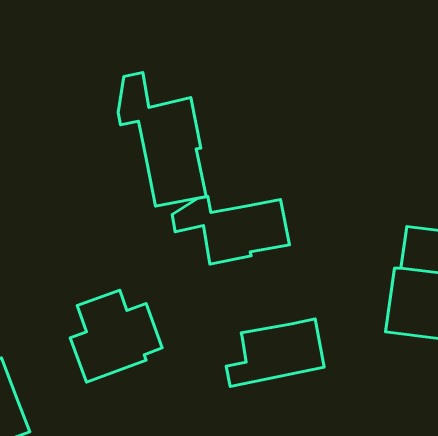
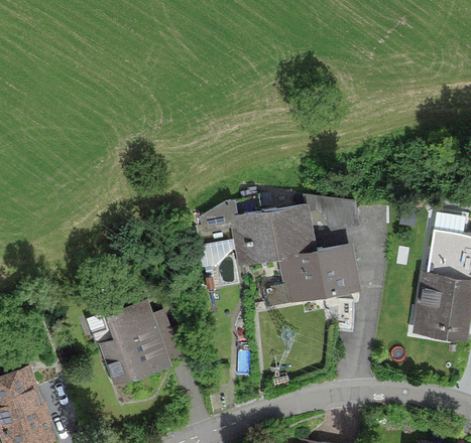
building: [118,73,206,206] -> none
building: [226,319,324,386] -> [263,243,361,310]

